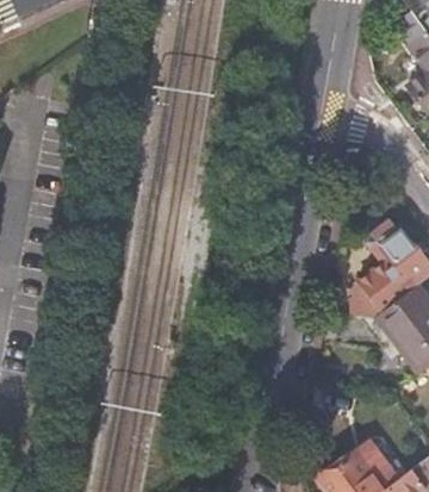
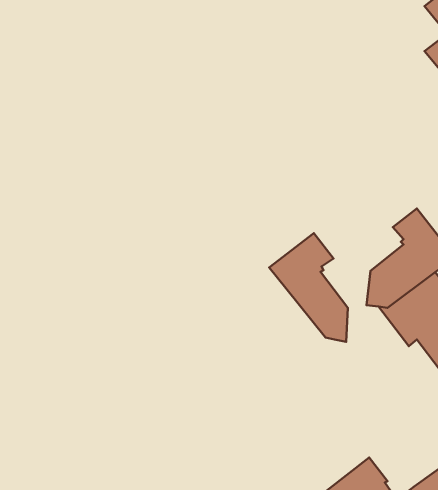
building: none -> [269,233,348,342]

